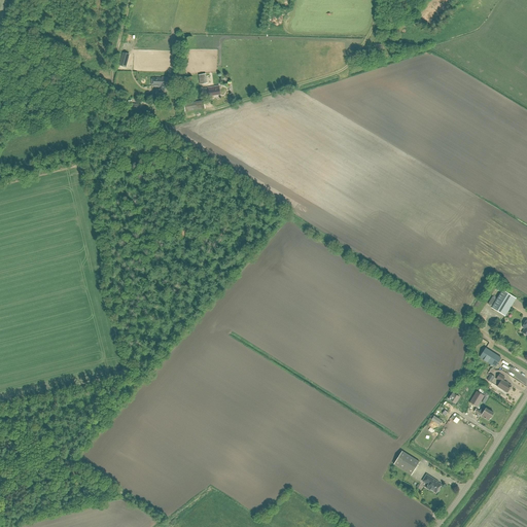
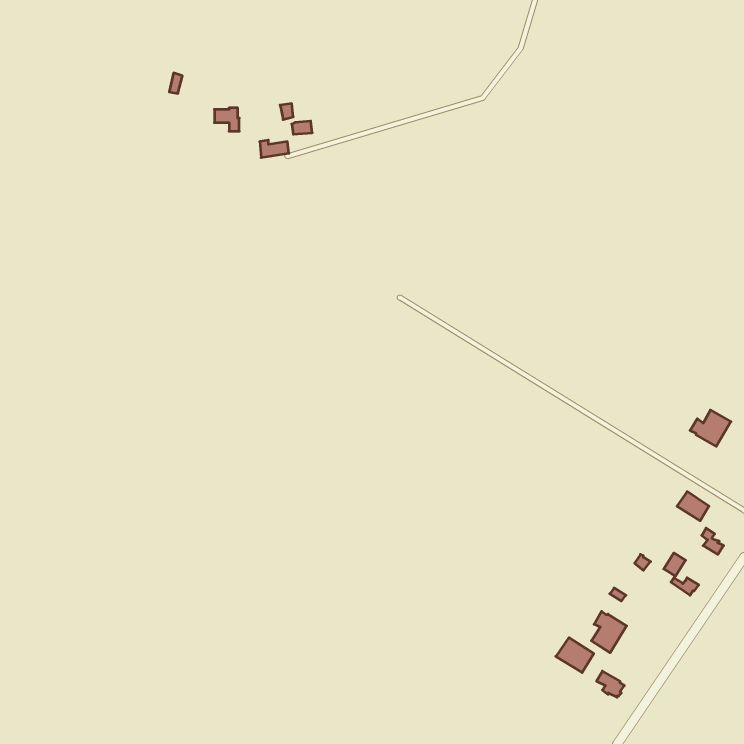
building: none -> [591,611,627,653]

